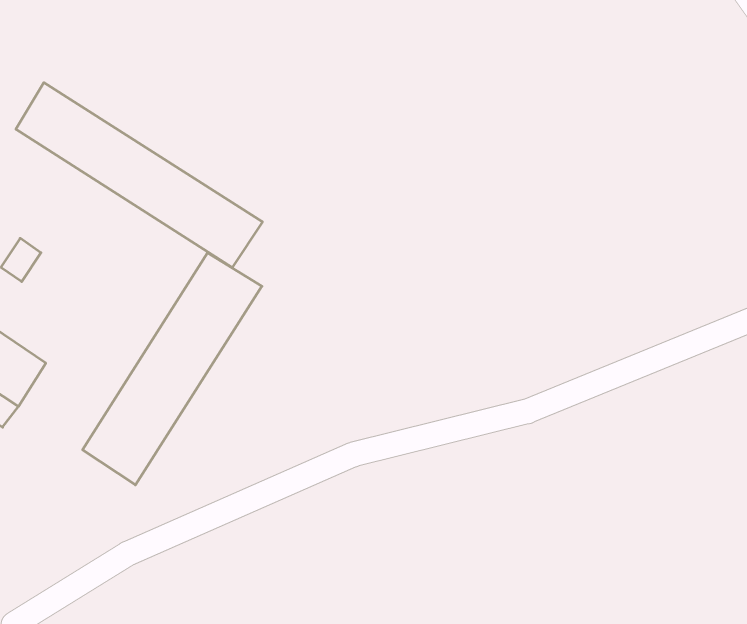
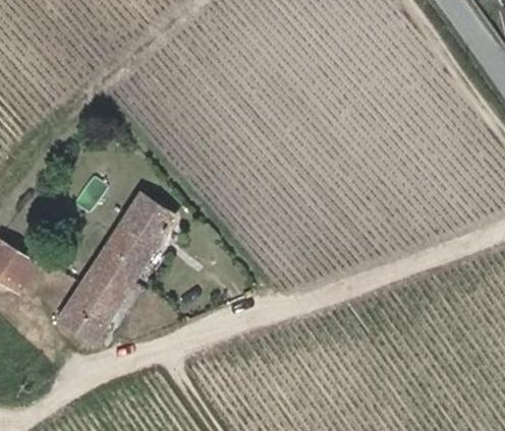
building: [16,83,262,267] -> none

